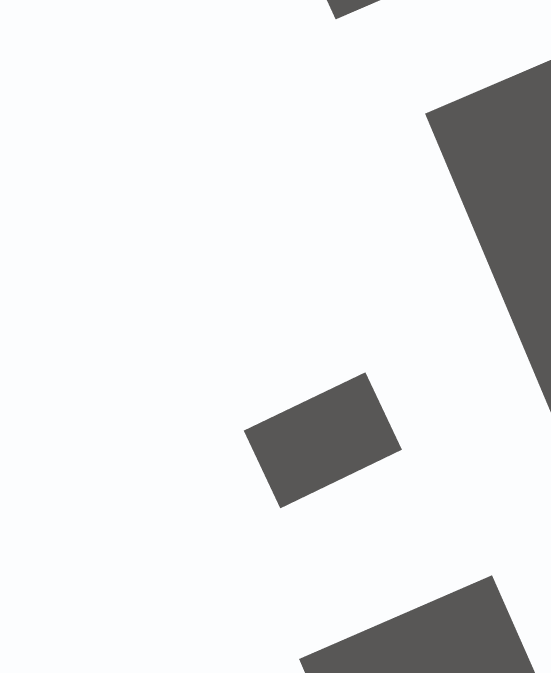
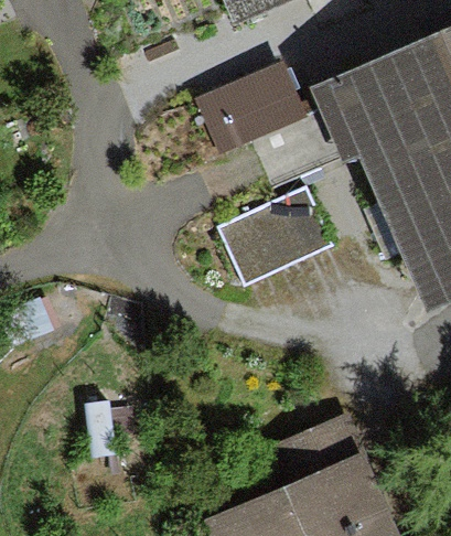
building: none -> [196,67,305,158]
building: [243,371,403,509] -> [219,176,339,279]

